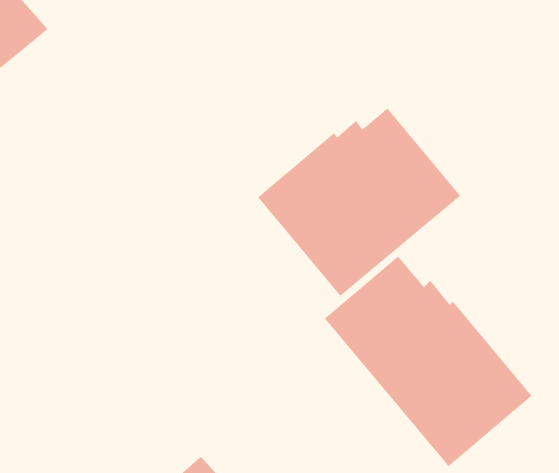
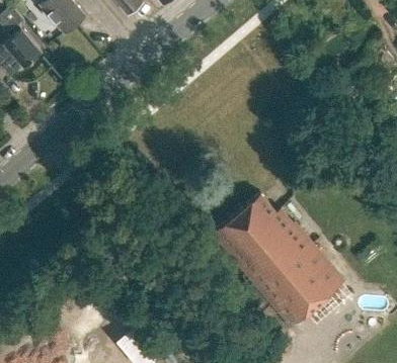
building: [257,108,461,297] -> none

